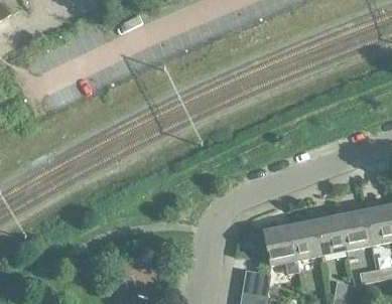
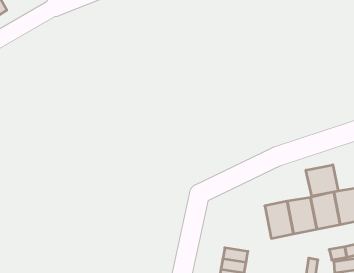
building: none -> [306,165,338,196]
building: [264,224,296,265] -> none

